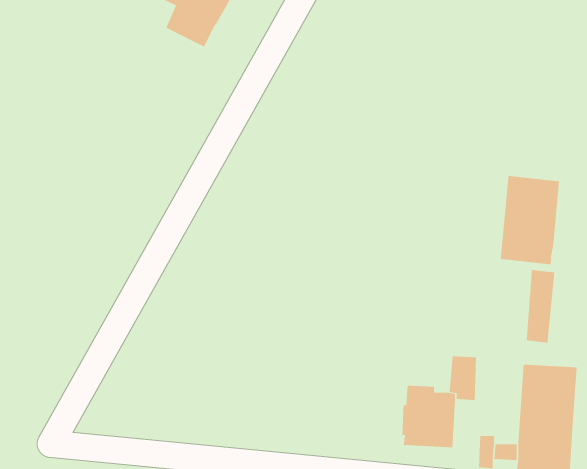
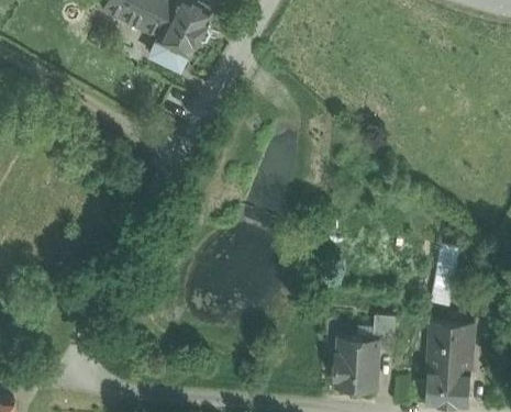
building: [500,175,560,265] -> none

